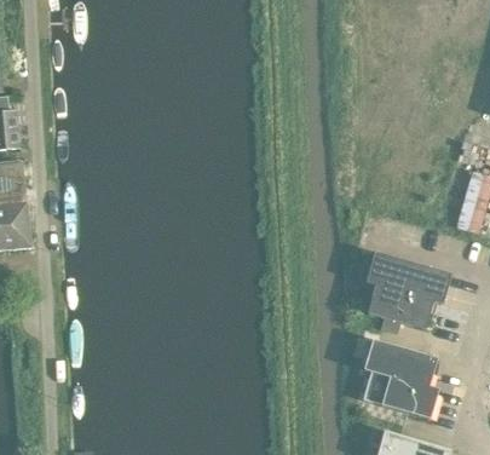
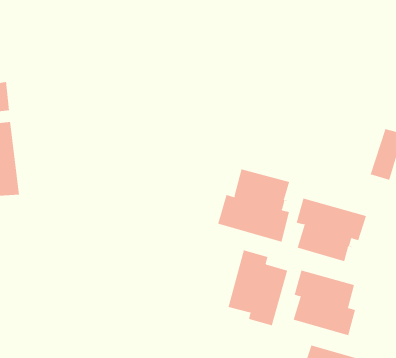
building: none -> [218,169,290,242]
building: none -> [228,249,288,326]

